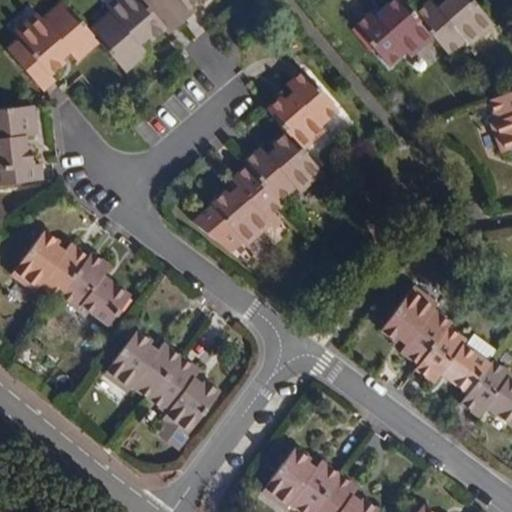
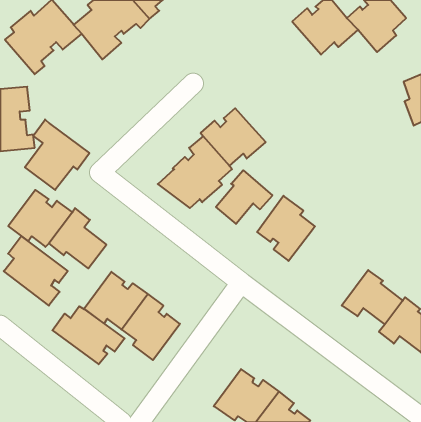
building: [267,69,338,150] -> none
building: none -> [25,119,89,190]
building: none -> [216,170,272,224]
building: none -> [4,236,68,306]
building: [380,286,450,365] -> [257,196,315,261]
building: none -> [52,306,125,364]

